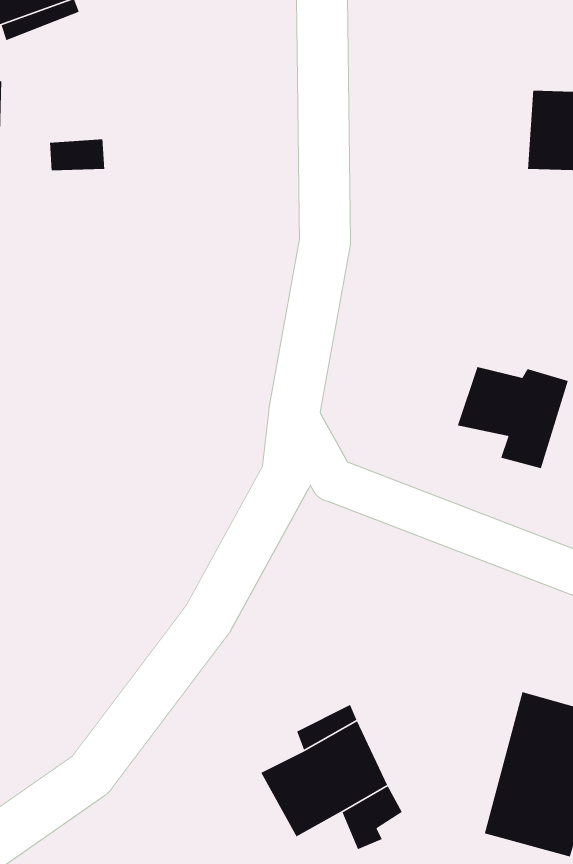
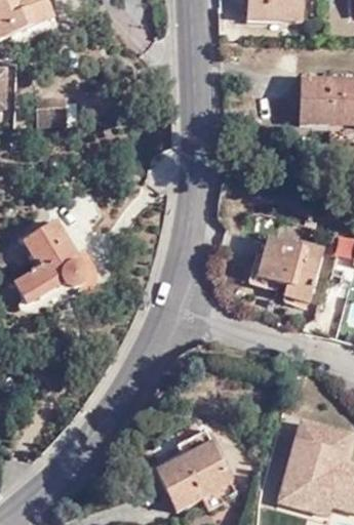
building: none -> [12,217,93,302]

